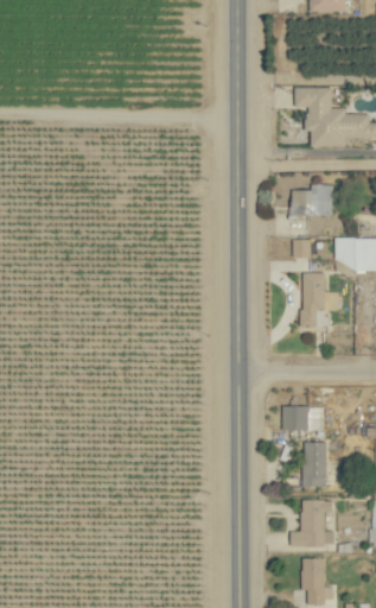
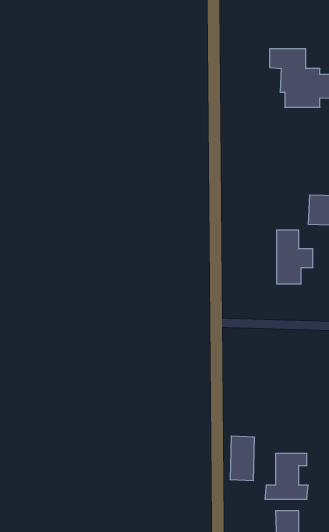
building: [292,186,334,223] -> none
building: [282,406,324,431] -> none
building: [302,442,327,487] -> [230,436,255,481]

